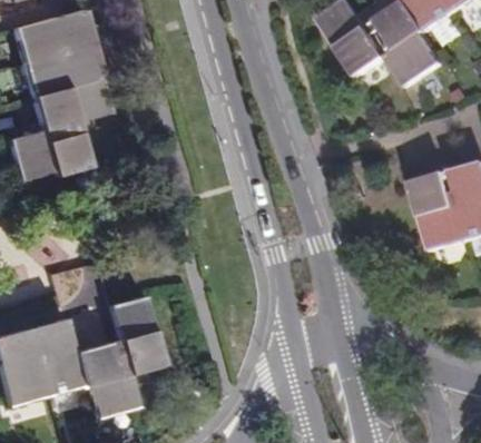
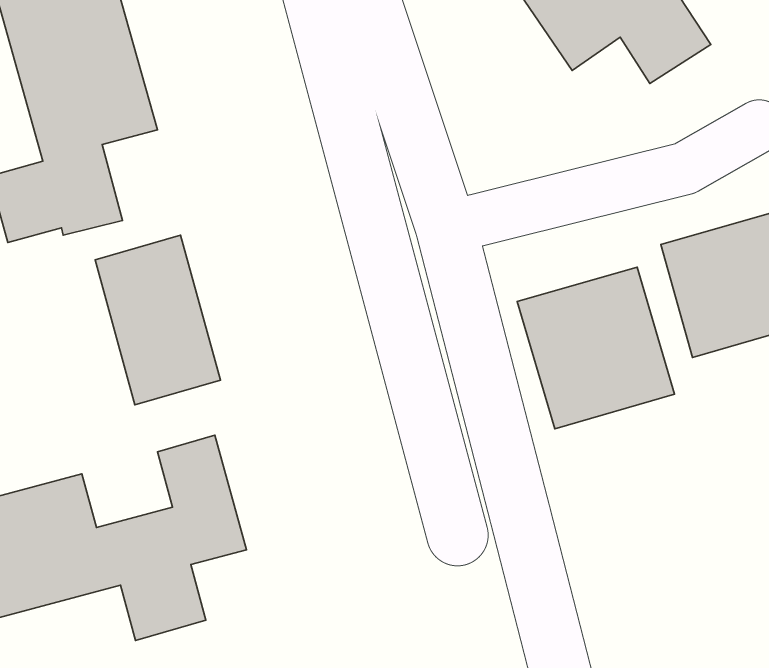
building: none -> [95,235,220,405]
building: none -> [517,267,675,429]

